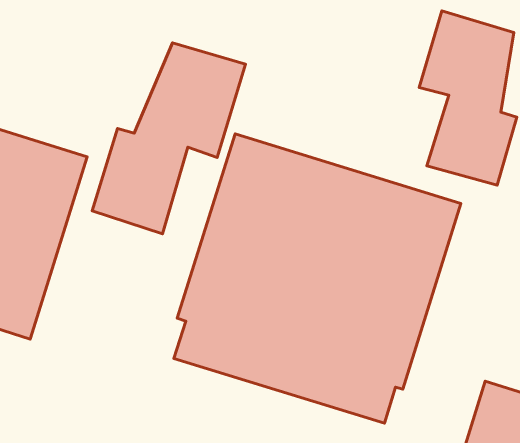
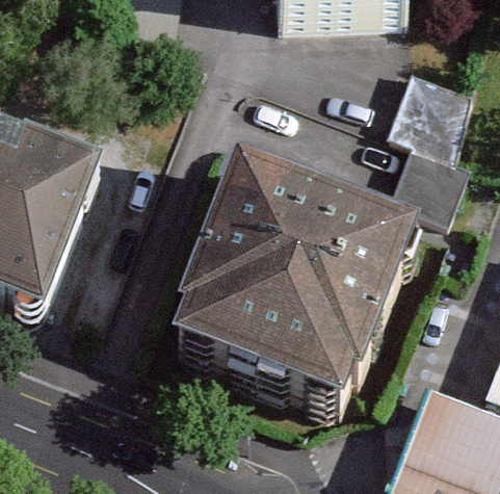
building: [92,43,246,234] -> none

